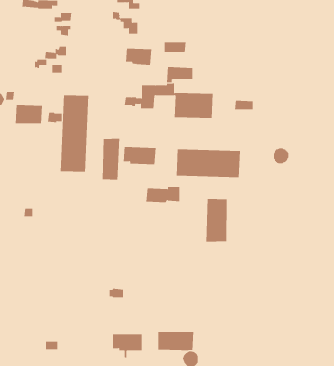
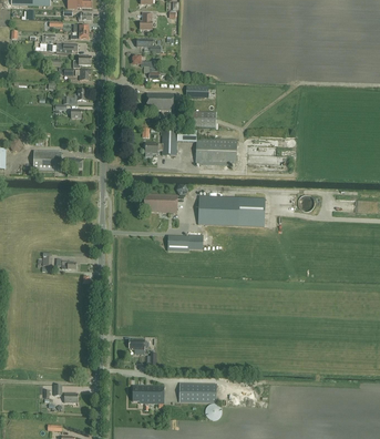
building: [60,94,89,173] -> none
building: [102,138,120,181] -> none
building: [206,198,227,243] -> none

